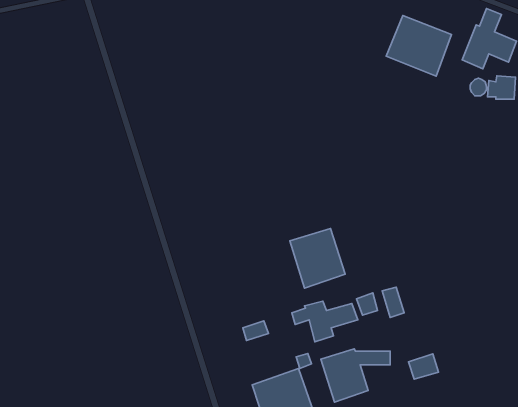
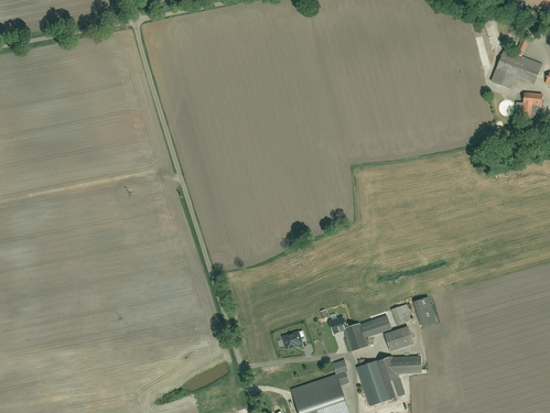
building: [386,16,451,76] -> none
building: [290,229,345,288] -> none
building: [408,354,439,379] -> [386,326,414,350]

